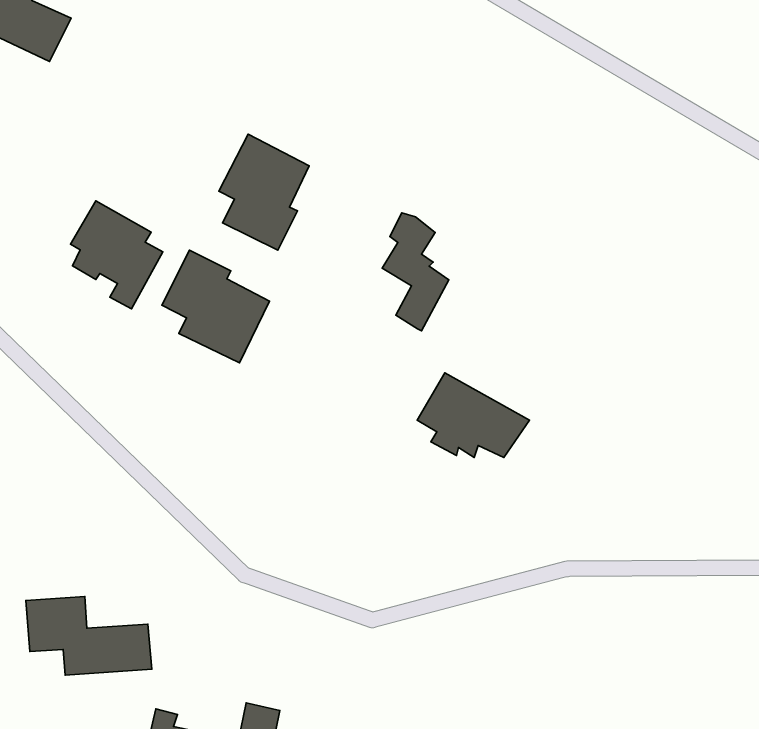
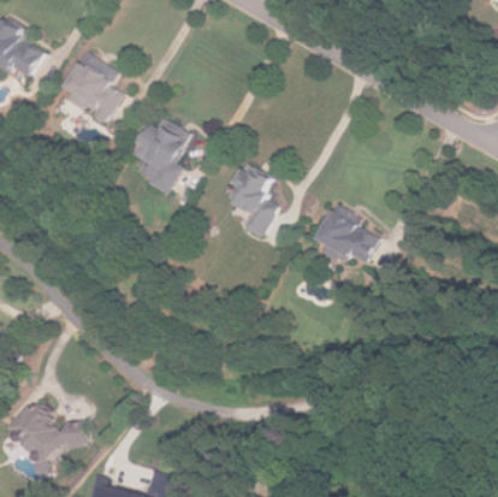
building: [70,201,163,309] -> [67,59,124,125]
building: [162,250,269,363] -> none
building: [417,373,529,457] -> [309,211,378,262]

